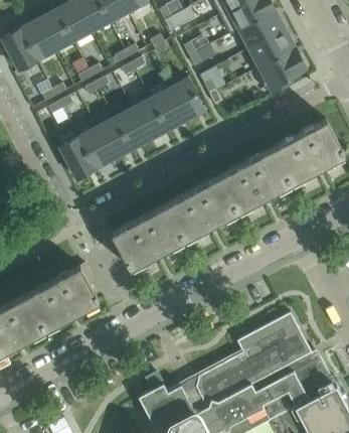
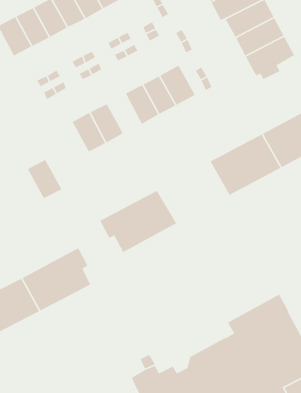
building: [115,107,150,148] -> none
building: [59,136,96,177] -> [27,159,62,199]
building: [166,176,239,240] -> none

